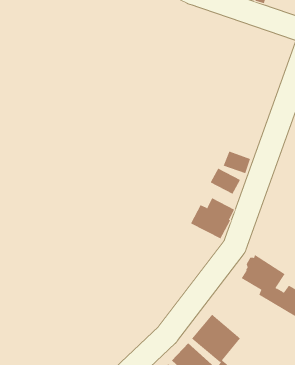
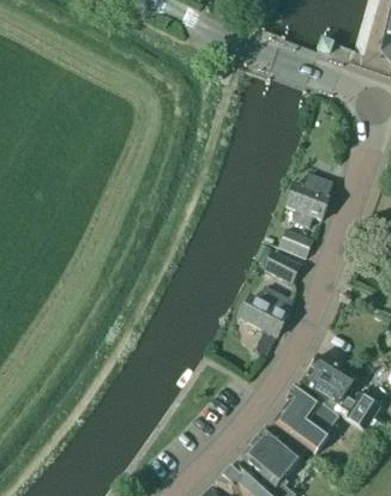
building: none -> [284,173,332,225]
building: none -> [273,383,338,450]

